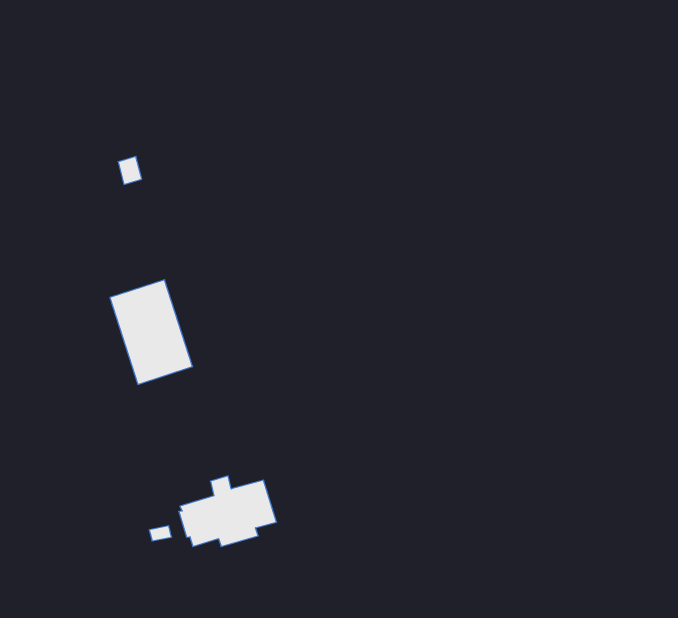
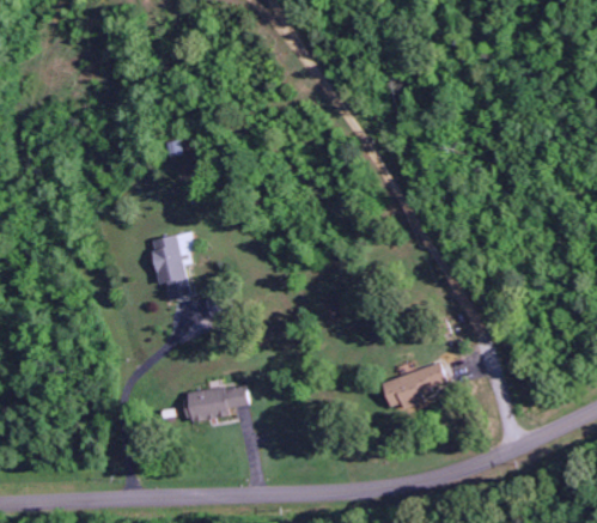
building: none -> [379,359,446,409]

